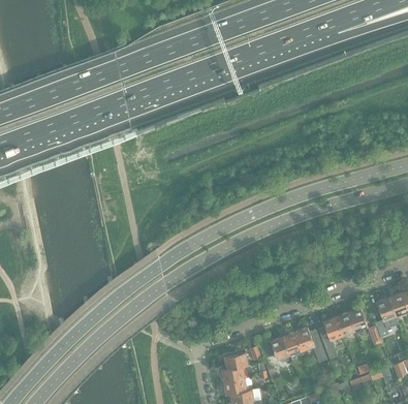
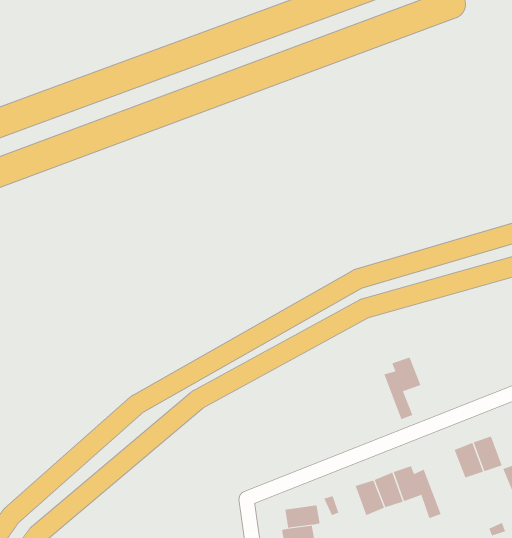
building: [317,317,342,359] -> [383,357,421,420]

